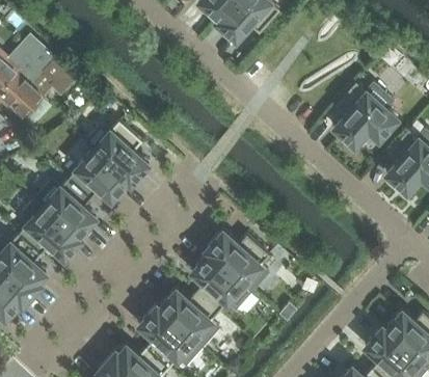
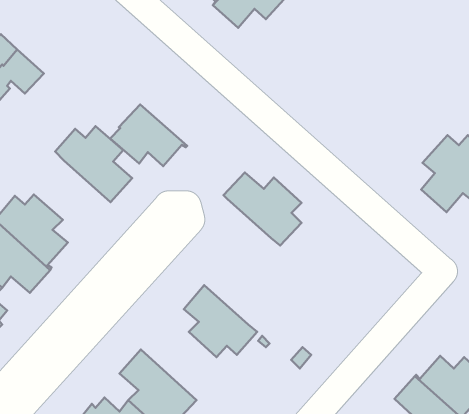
building: [333,83,398,146] -> none
building: [68,151,131,201] -> [110,104,187,166]
building: [205,232,269,292] -> [223,172,302,246]
building: [156,290,219,348] -> none

